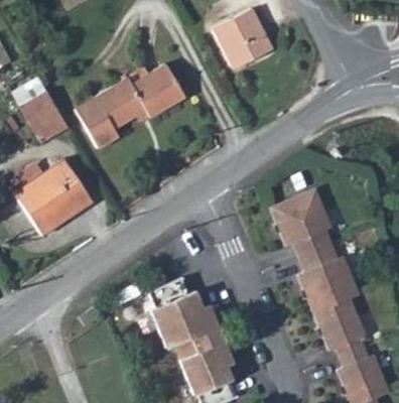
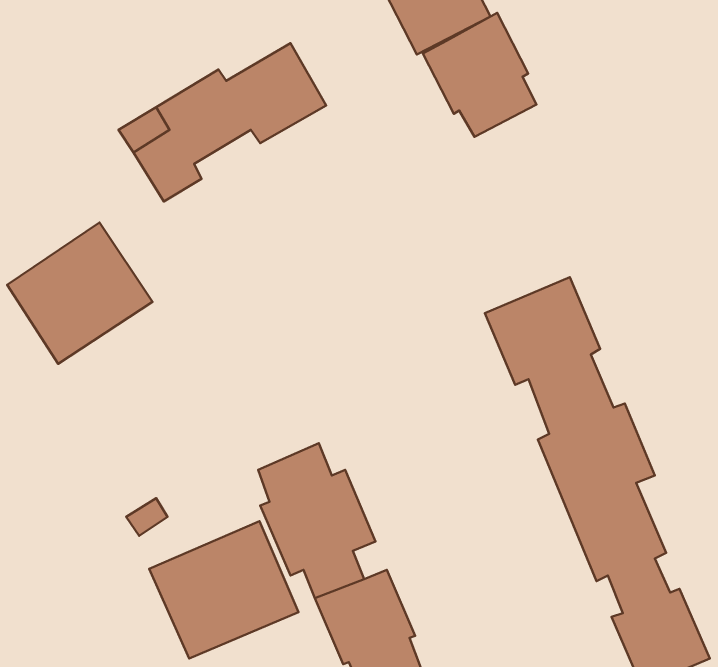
building: none -> [423,13,536,137]
building: [19,91,69,143] -> none
building: none -> [149,521,298,658]

